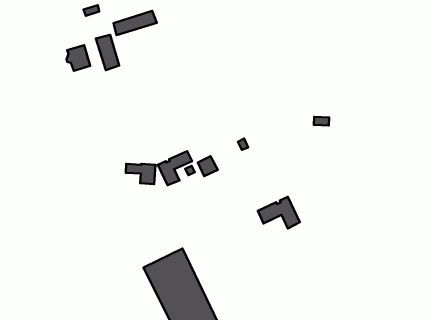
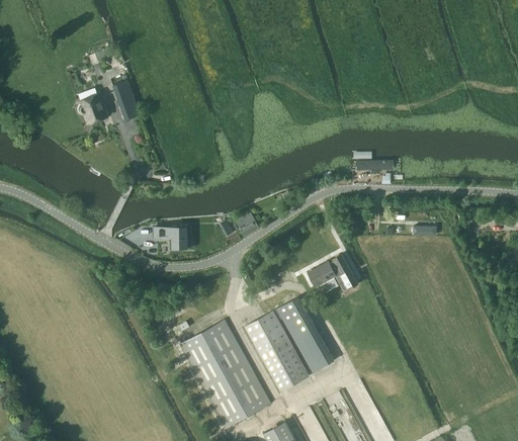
building: [113,11,157,35] -> none
building: [158,151,192,185] -> none
building: none -> [245,296,335,390]

